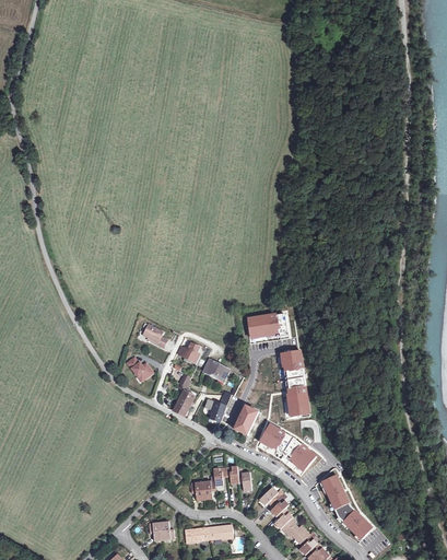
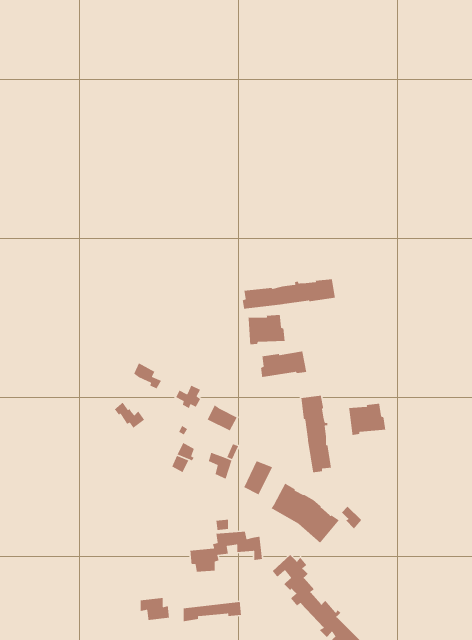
building: none -> [242,279,336,310]
building: none -> [248,314,285,345]
building: none -> [348,403,386,436]
building: [321,476,372,539] -> none

